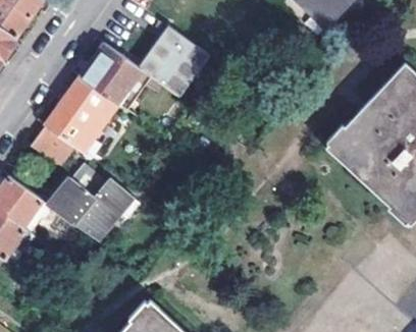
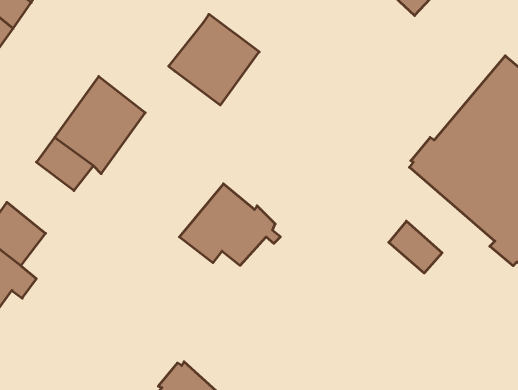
building: [81,45,141,106] -> none
building: [47,164,126,228] -> [179,184,280,265]
building: none -> [389,221,442,273]

